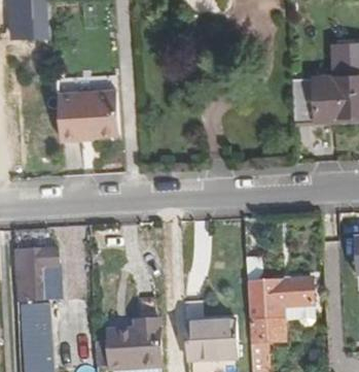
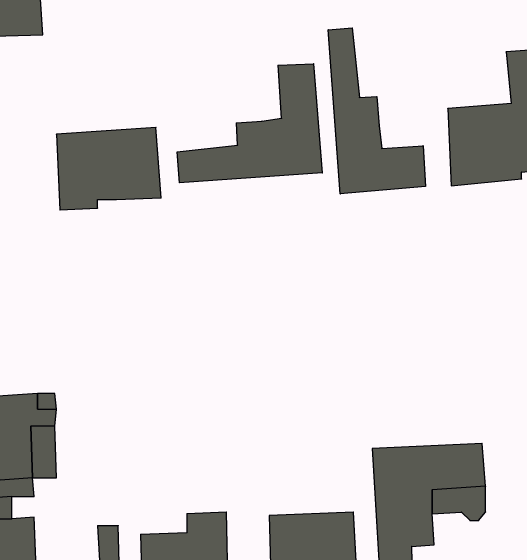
building: none -> [328,28,425,194]
building: none -> [177,64,322,183]

